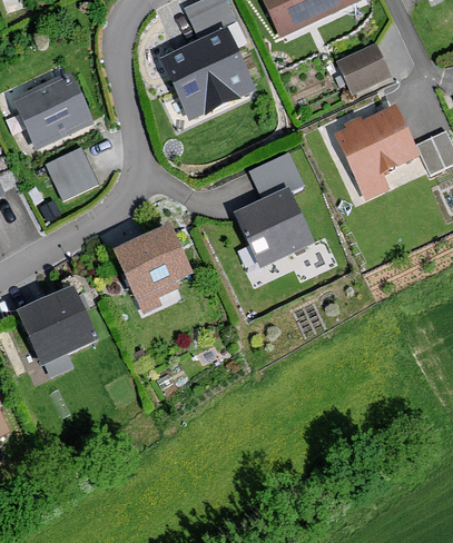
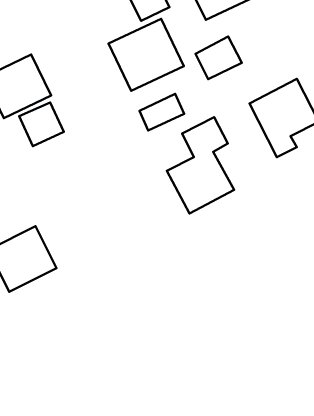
building: [337,39,394,91] -> [195,36,242,79]
building: none -> [139,94,184,131]
building: [114,229,191,314] -> none

